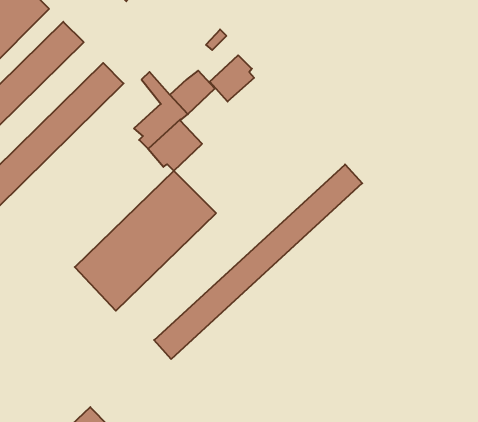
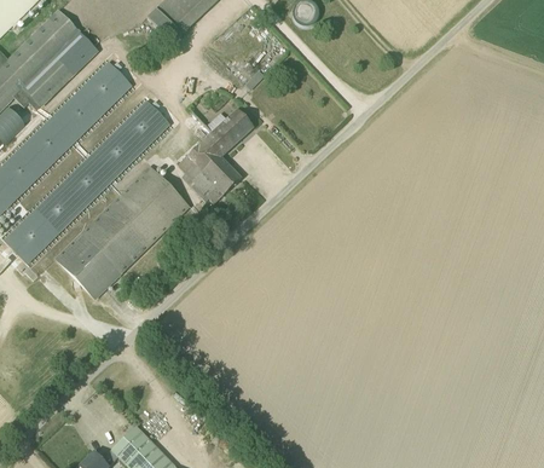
building: [209,55,254,102] -> none
building: [154,164,362,359] -> none
building: [75,171,216,311] -> [58,166,191,297]

